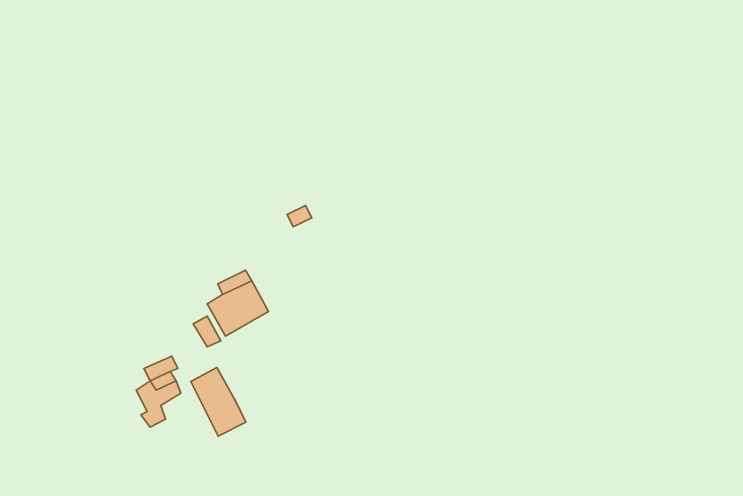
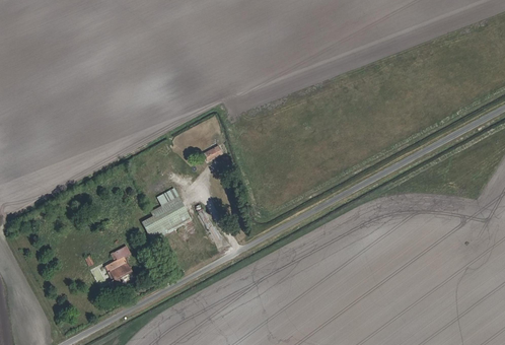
building: [191,368,246,436] -> none

